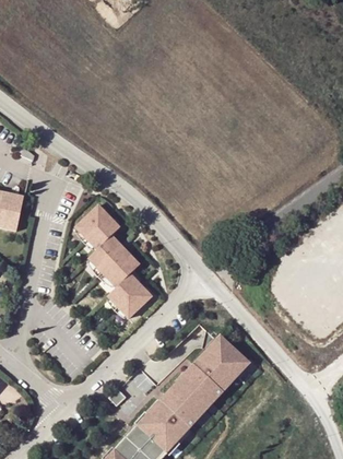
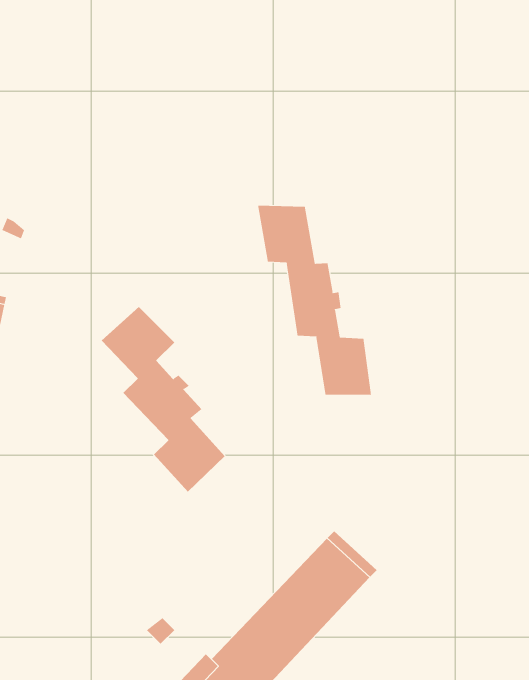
building: none -> [257,205,372,396]

